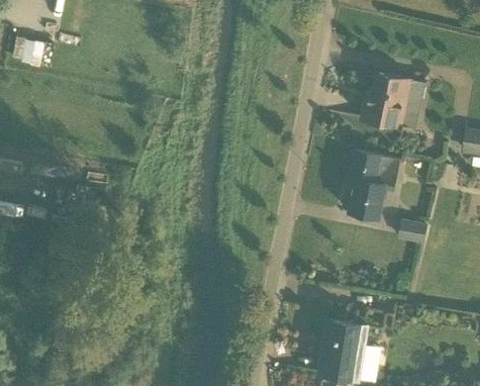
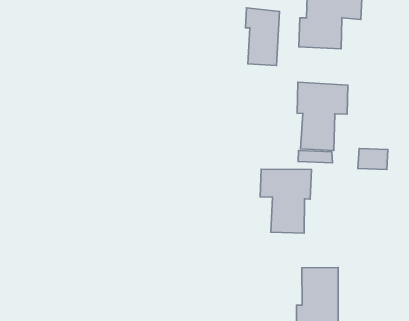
building: none -> [245,8,279,66]
building: none -> [260,169,311,233]

